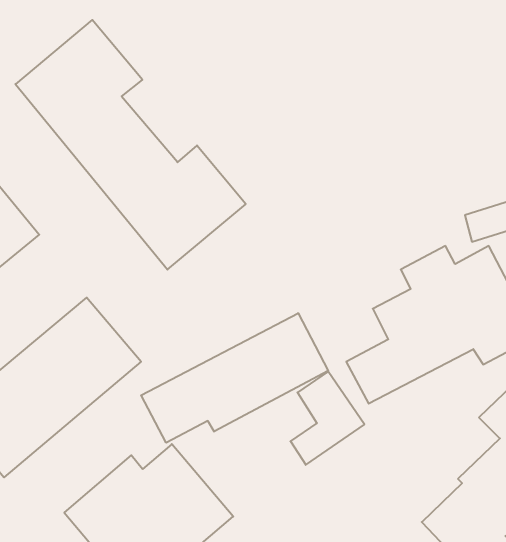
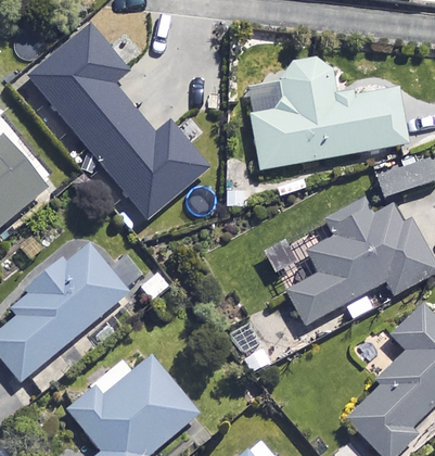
building: none -> [252,58,407,169]
building: [141,313,328,443] -> none

